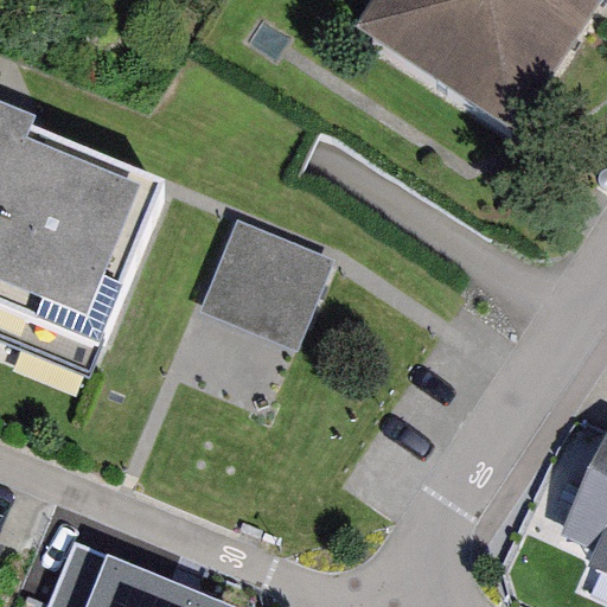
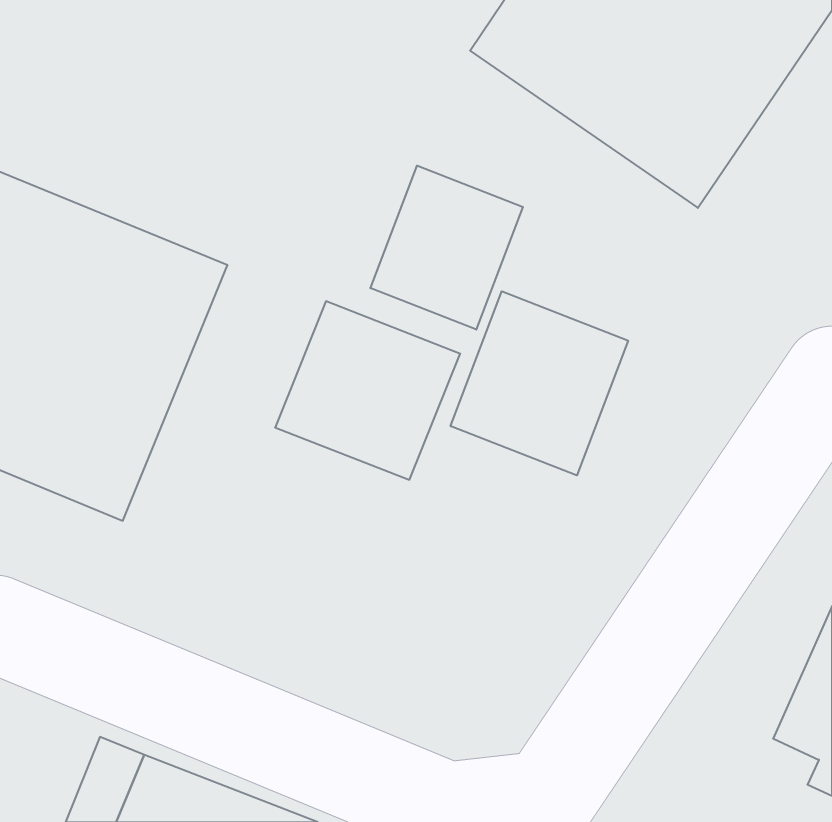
building: none -> [370,166,523,330]
building: none -> [451,291,628,475]

